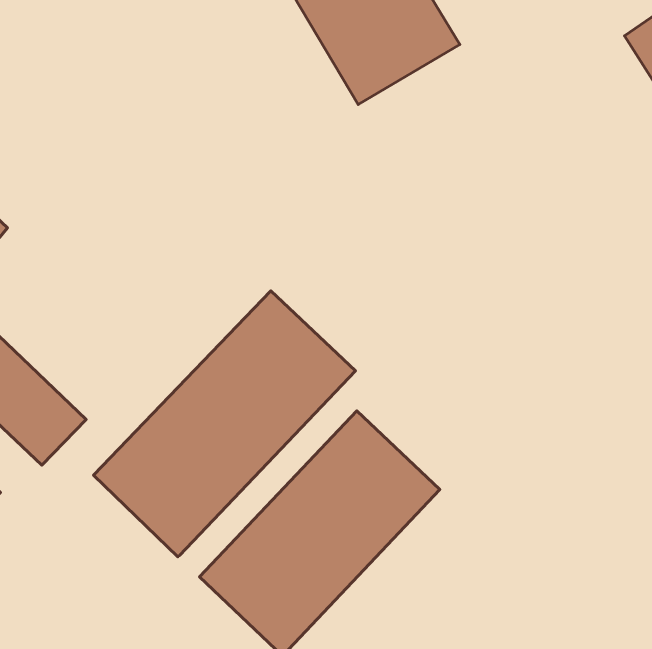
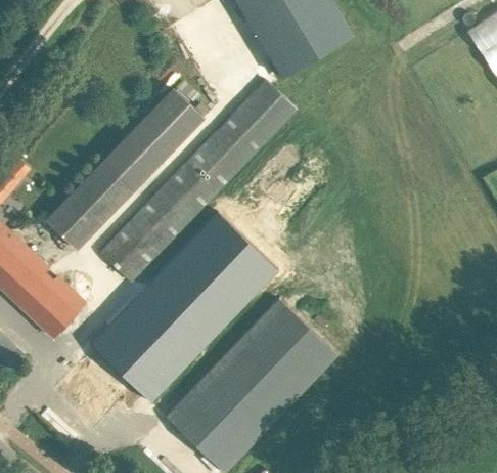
building: none -> [101,80,297,282]
building: none -> [46,87,205,251]

